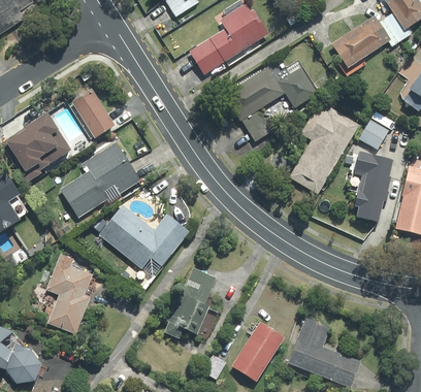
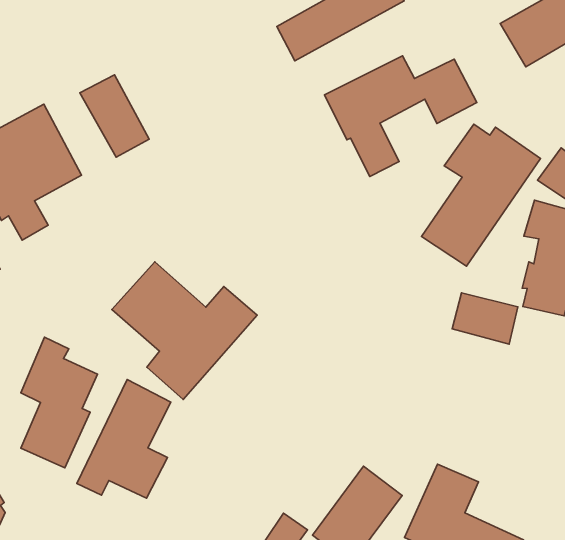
building: [62,142,142,219] -> none
building: none -> [452,293,518,344]
building: [165,266,220,338] -> [77,379,171,498]

